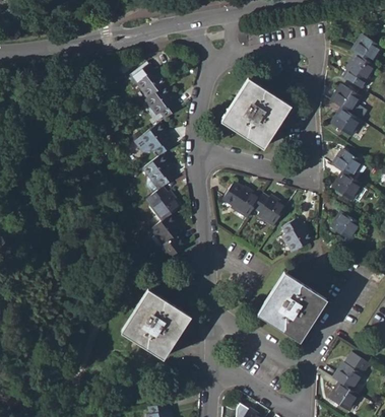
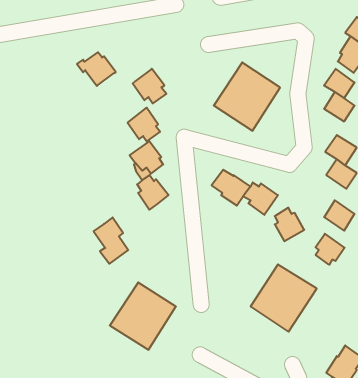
building: [128,65,166,97] -> [77,52,116,86]
building: [151,215,185,260] -> [94,217,128,264]
building: none -> [316,234,345,265]

